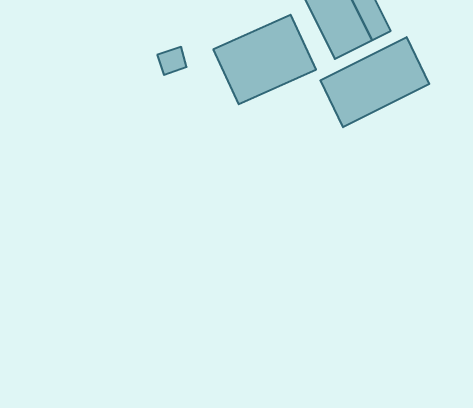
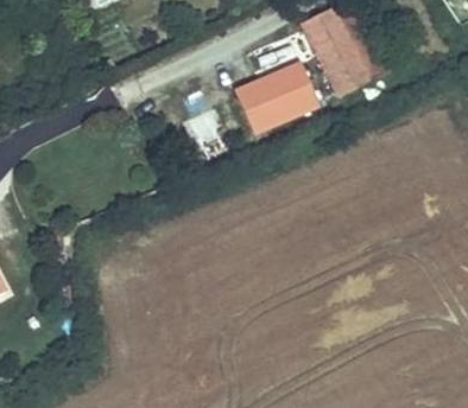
building: [320,37,429,127] -> none

